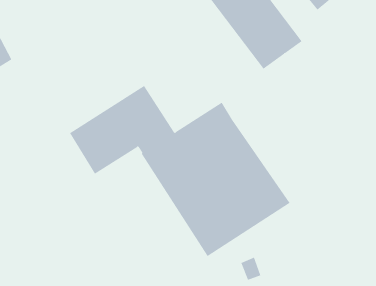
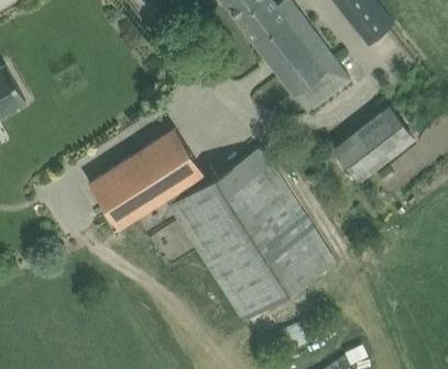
building: none -> [335,107,414,180]

